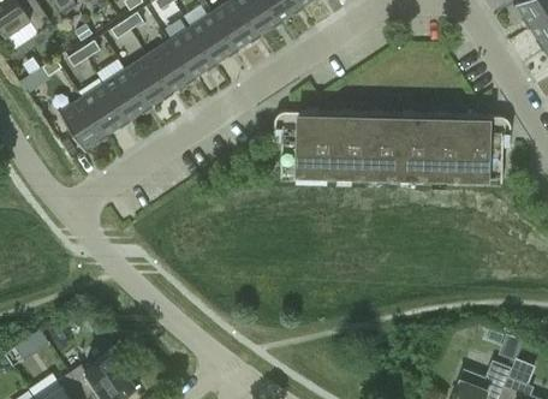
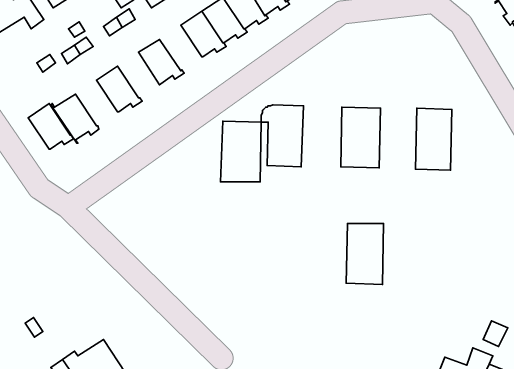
building: [168,29,215,76] -> none
building: [125,56,172,103] -> none
building: [82,85,129,132] -> [28,104,74,149]
building: [314,112,356,174] -> [220,121,261,182]
building: [394,114,433,177] -> [346,224,384,284]
building: [467,115,510,178] -> none

